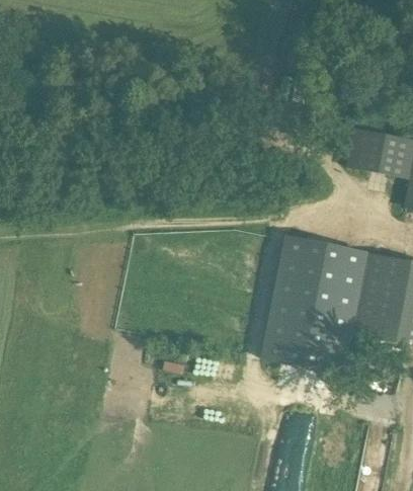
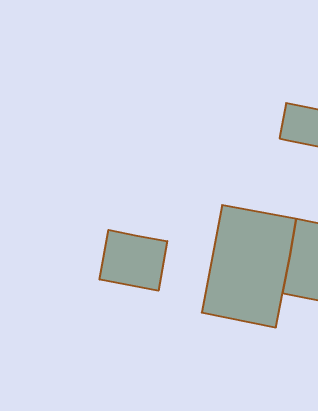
building: none -> [100,230,167,291]

